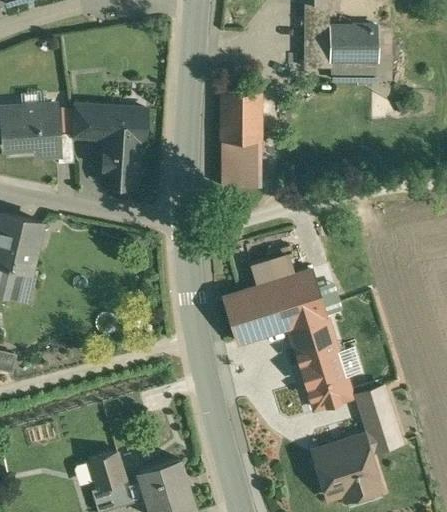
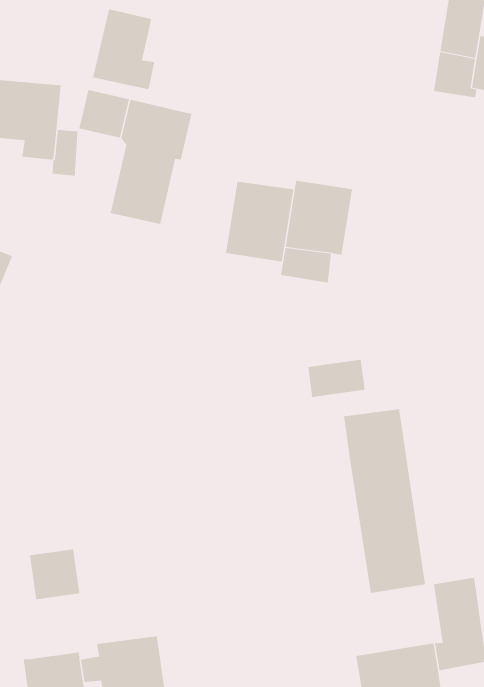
building: none -> [93,8,155,90]
building: [222,92,261,142] -> [225,181,294,262]
building: [223,282,289,343] -> none
building: [88,451,126,489] -> [29,549,80,600]

